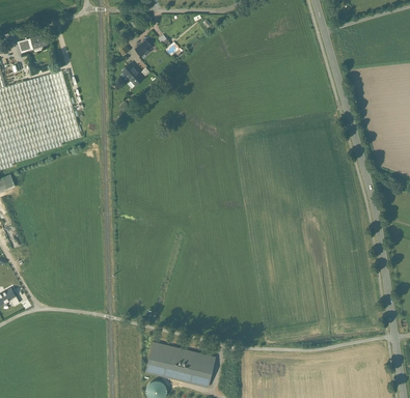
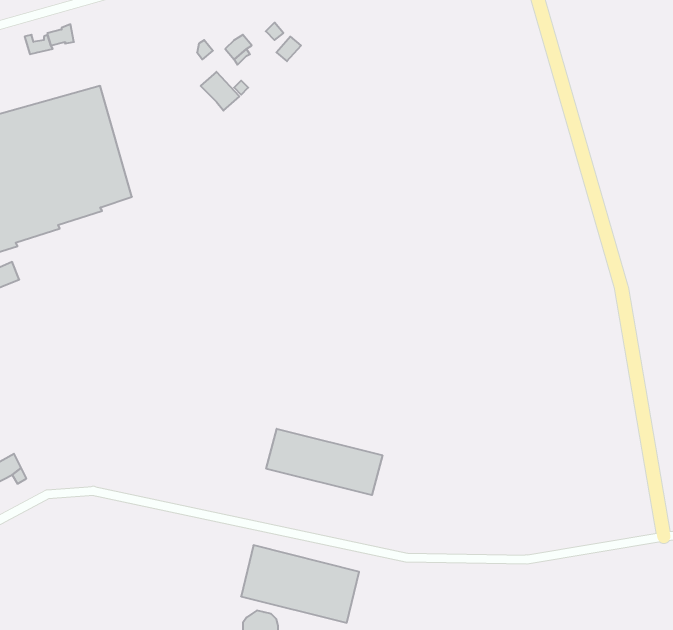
building: none -> [266,429,382,495]

